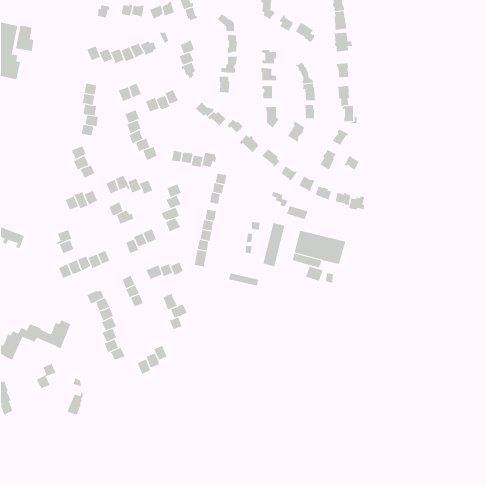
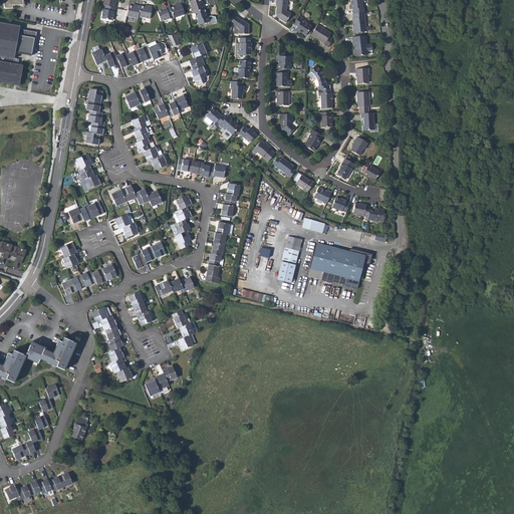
building: none -> [11,415,48,459]
building: none -> [5,472,72,499]

